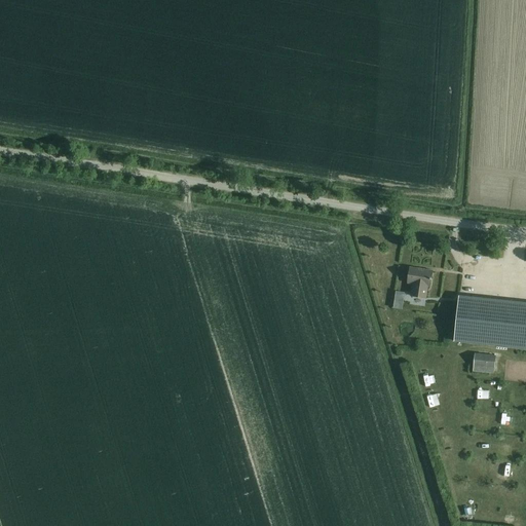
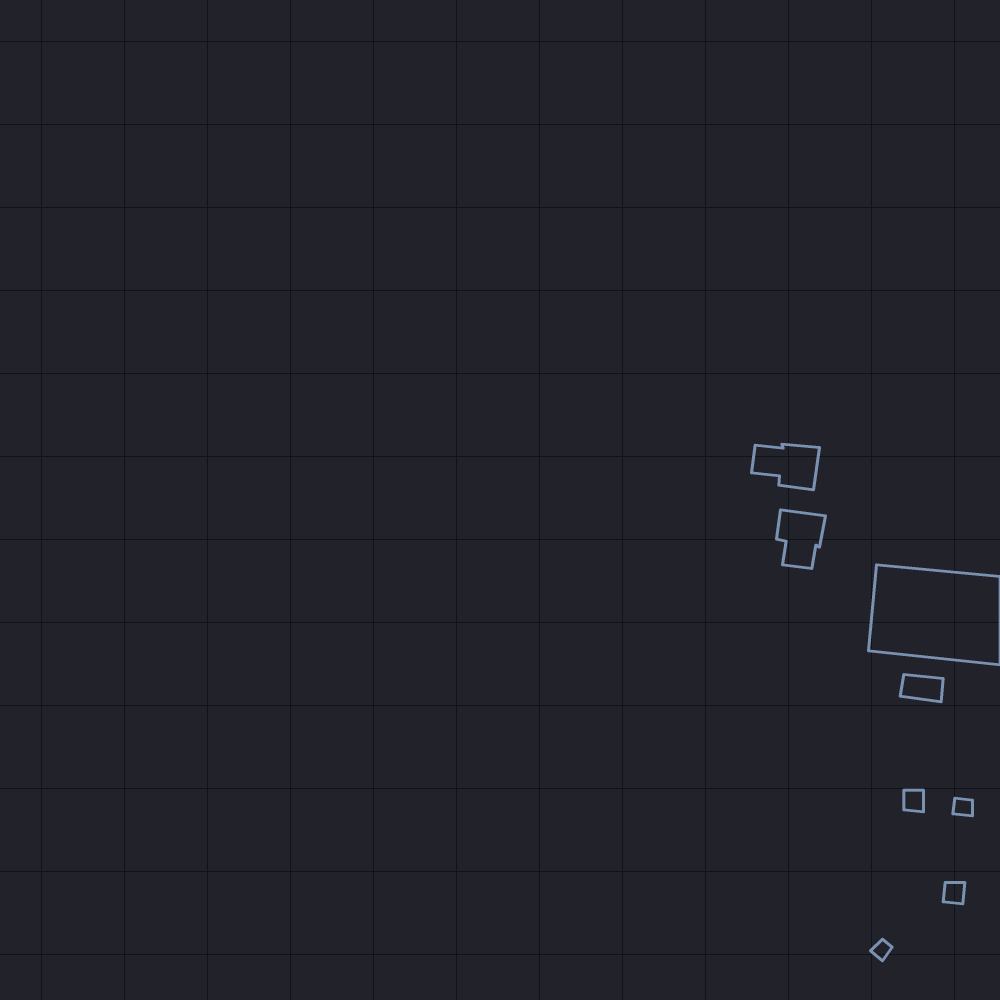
building: none -> [751,444,819,490]

